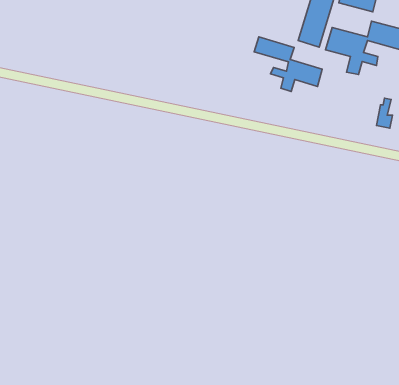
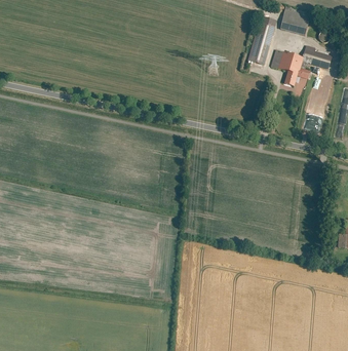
building: [254,37,322,92] -> none

